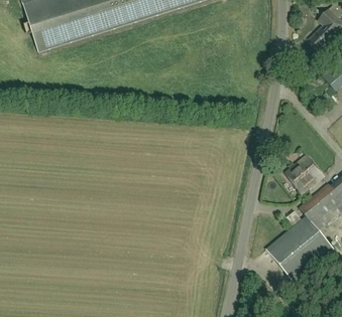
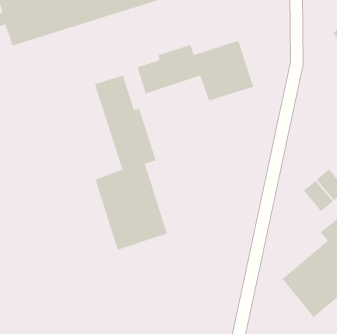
building: none -> [136,40,254,102]
building: none -> [94,74,168,251]

